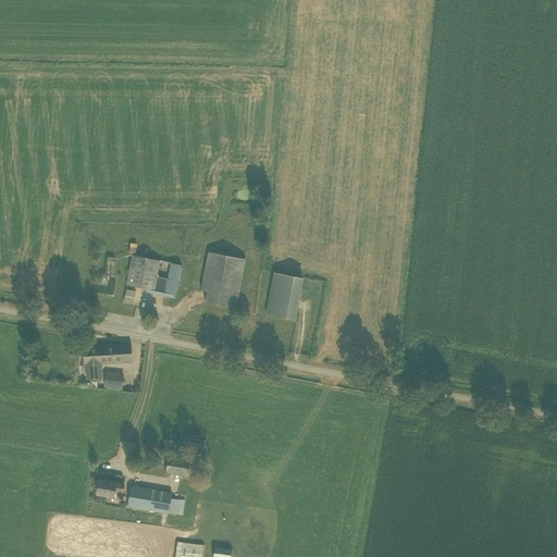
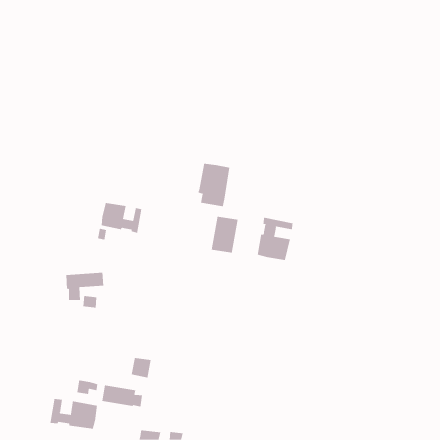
building: [201,252,243,308] -> [198,163,230,207]
building: none -> [257,217,293,261]
building: none -> [50,398,97,430]

